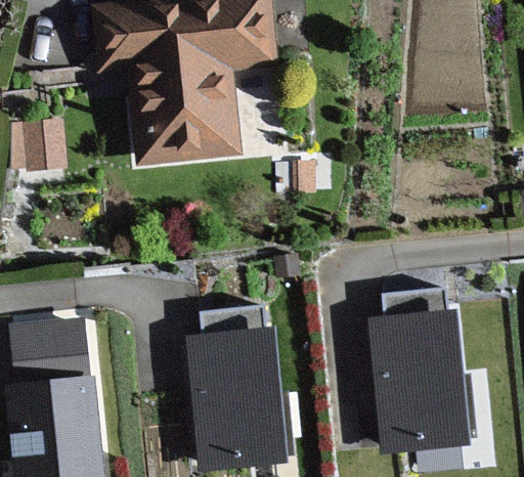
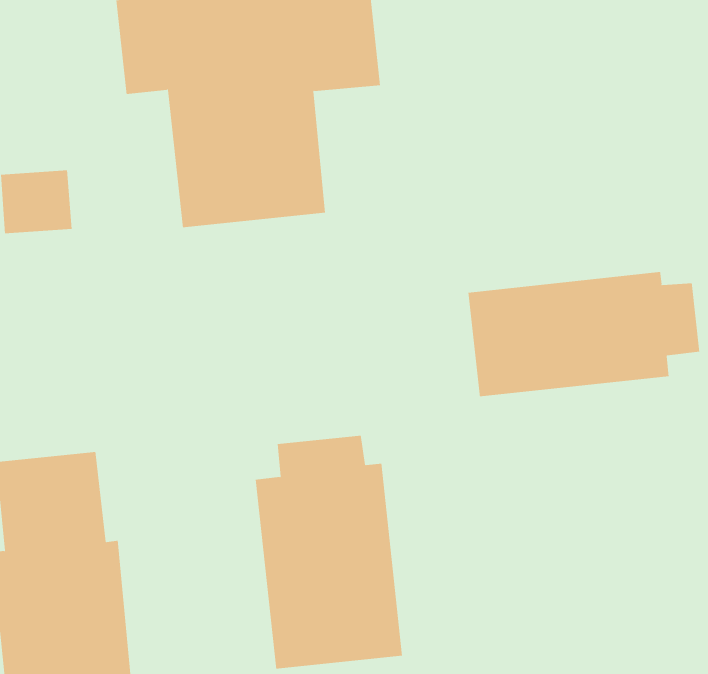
building: none -> [468,271,700,397]
building: [369,291,471,452] -> none

